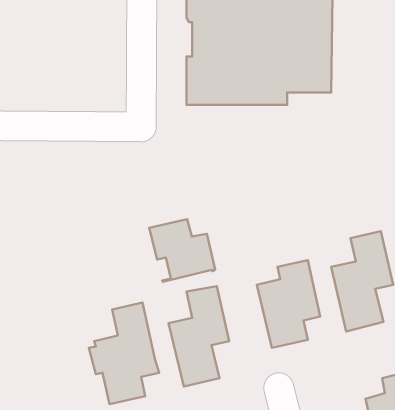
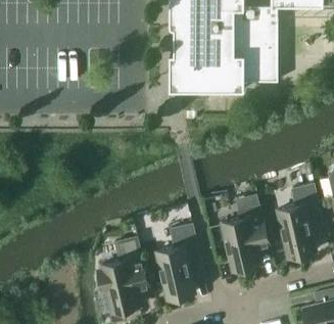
building: [149,219,215,282] -> none

